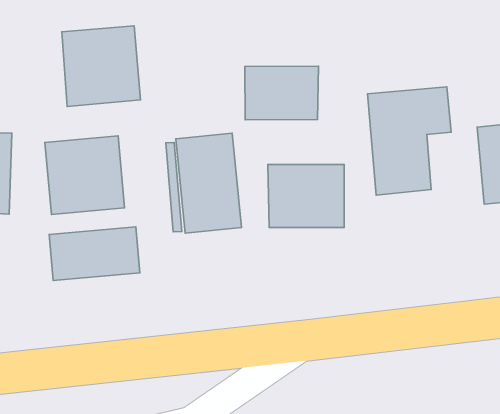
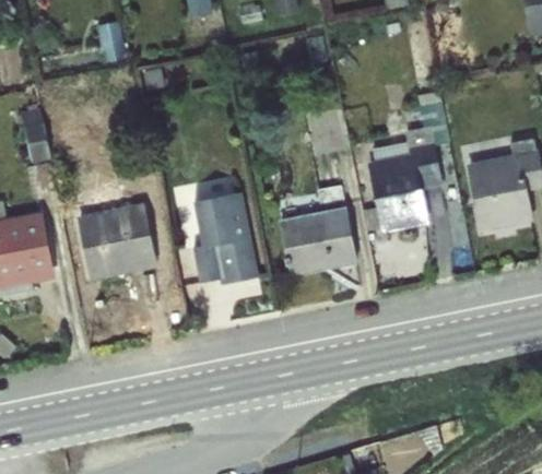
building: [62,26,141,106] -> none
building: [245,66,319,120] -> none
building: [49,227,140,280] -> none

